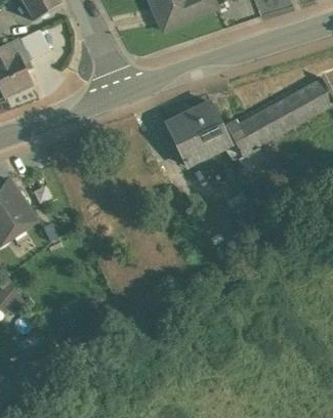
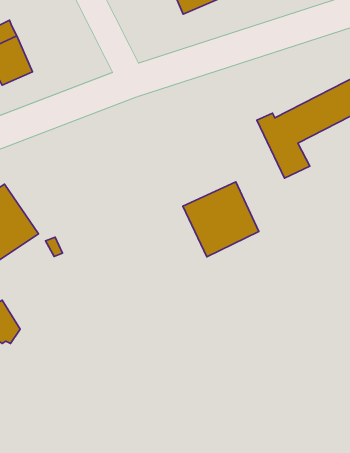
building: [19,29,50,59] -> none
building: [166,101,231,165] -> [183,182,259,257]

